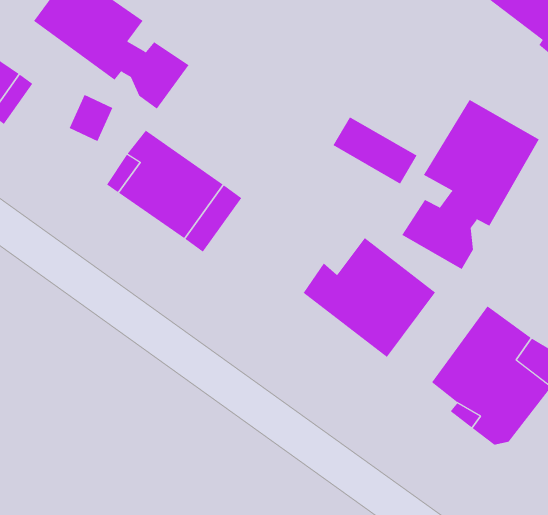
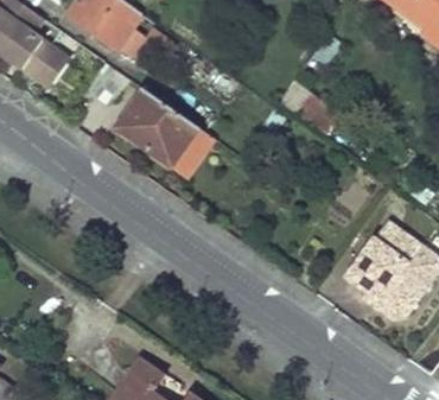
building: [401,99,540,270] -> none
building: [303,237,436,358] -> none

